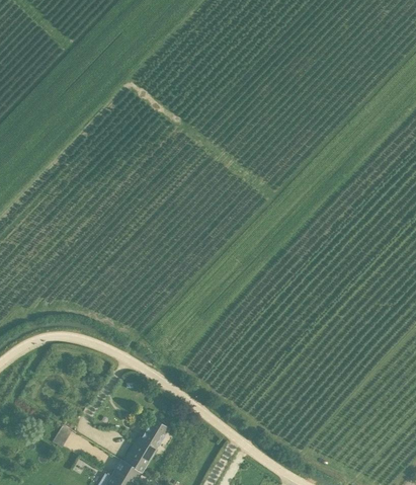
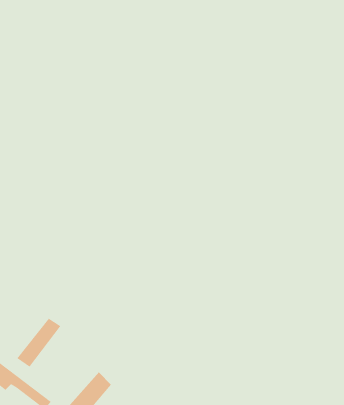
building: none -> [17,318,61,367]

